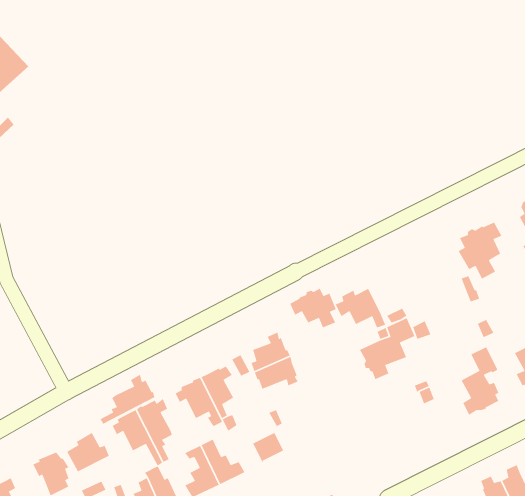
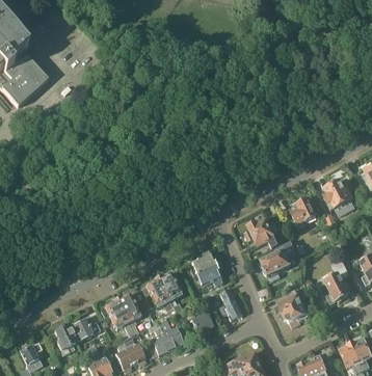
building: none -> [290,199,316,226]
building: [289,287,337,329] -> none
building: [100,374,155,425] -> none
building: none -> [218,288,242,320]
building: none -> [278,292,307,327]

